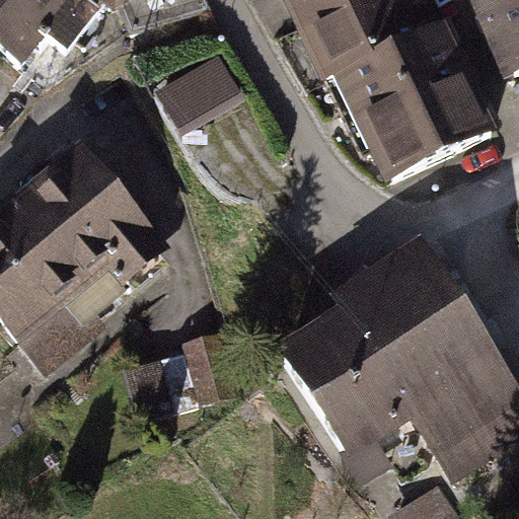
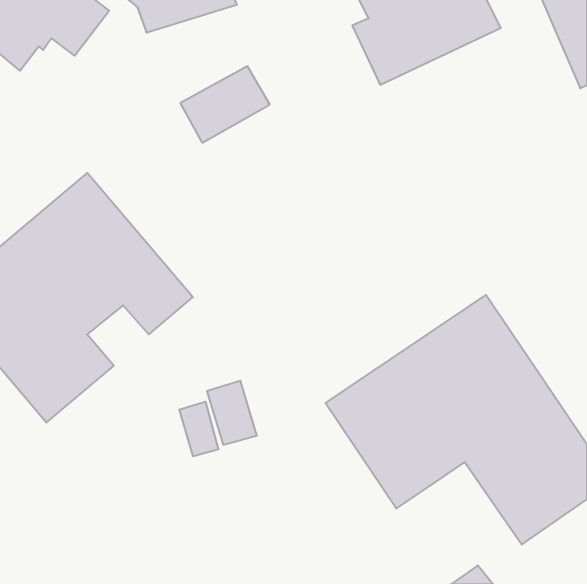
building: [331,19,498,173] -> none

